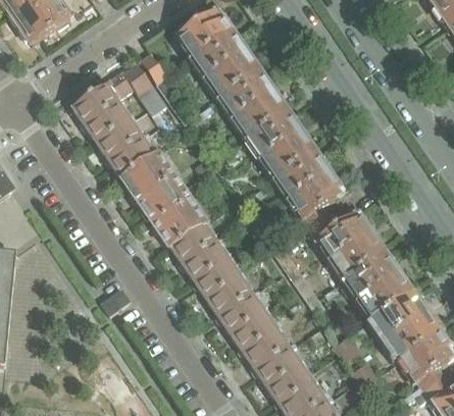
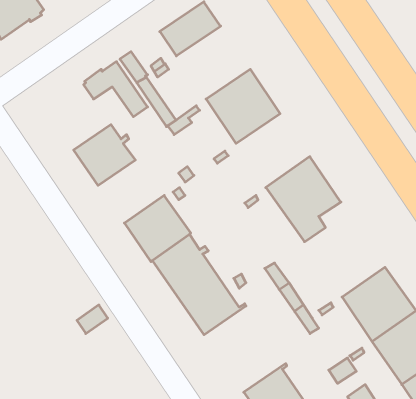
building: [193,32,261,99] -> none
building: [72,86,133,146] -> none
building: [248,112,316,180] -> none
building: [120,153,182,213] -> none
building: [311,213,386,281] -> none
building: [218,289,294,369] -> none

